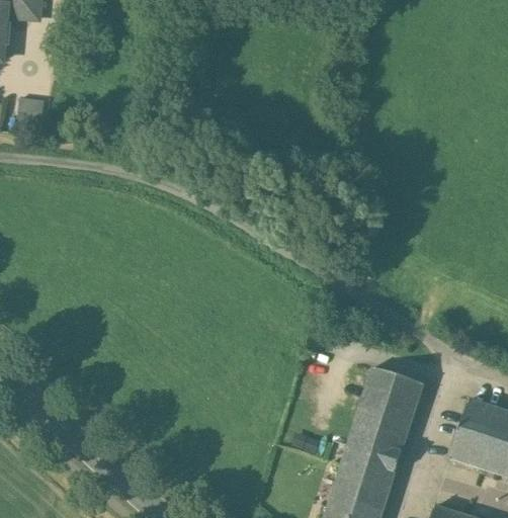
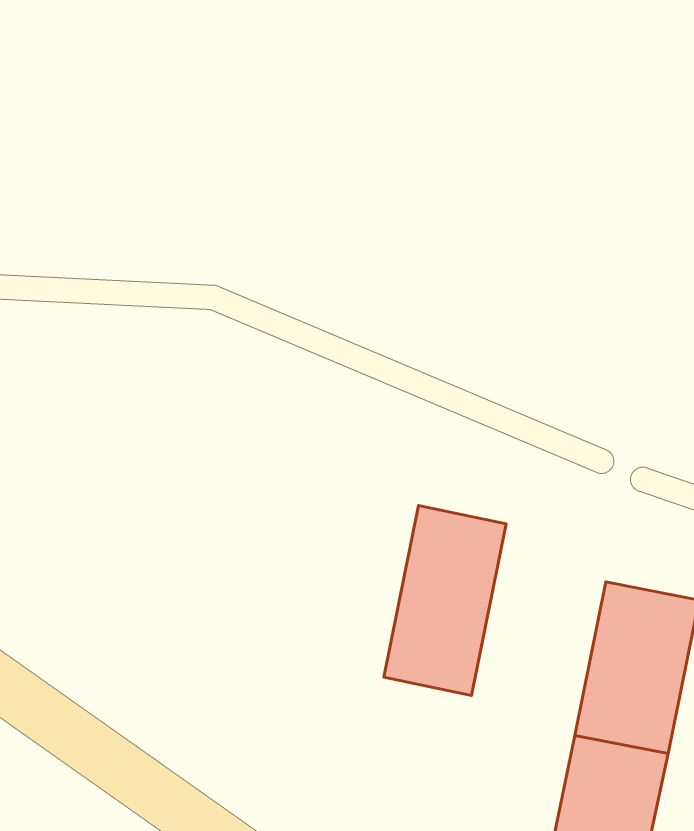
building: none -> [384,505,506,696]

